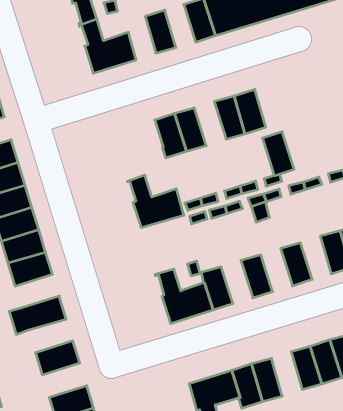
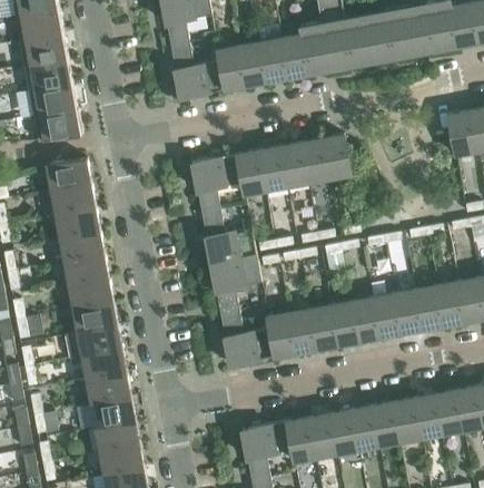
building: none -> [259,39,287,82]
building: none -> [216,47,245,90]
building: none -> [190,155,241,215]
building: [262,132,294,176] -> [278,143,307,187]
building: none -> [209,256,260,314]
building: none -> [372,294,399,338]
building: none -> [329,302,358,345]
building: none -> [287,310,316,353]
building: none -> [72,302,117,333]
building: none -> [81,350,126,381]
building: none -> [328,410,356,455]
building: none -> [90,397,135,429]

